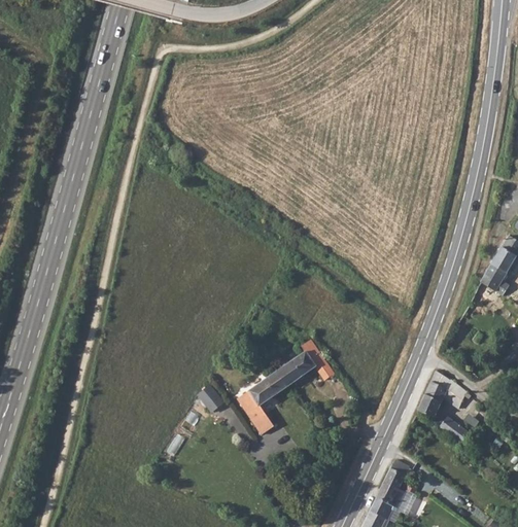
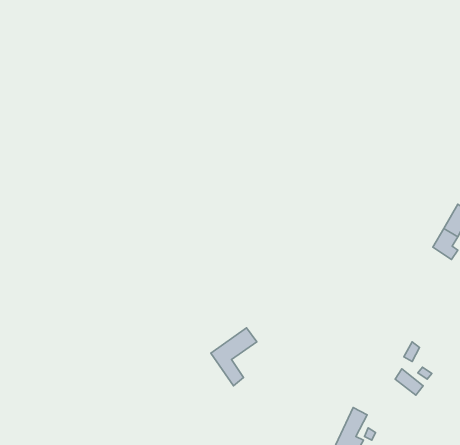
building: [276,341,334,386] -> none
building: [417,371,451,417] -> none
building: [198,384,226,413] -> none

